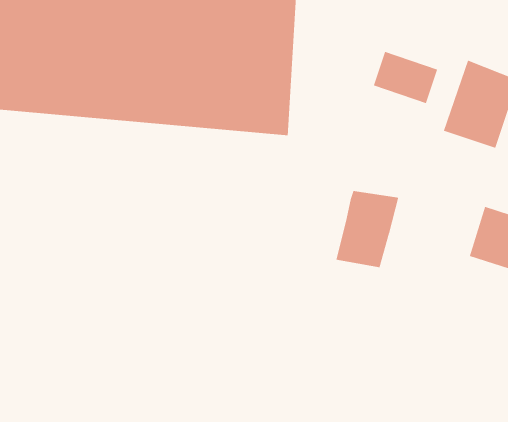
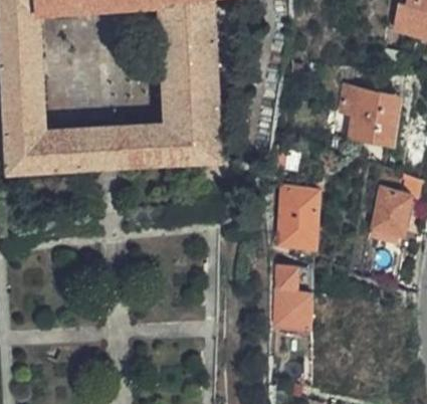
building: [373,51,438,104] -> none
building: none -> [272,262,308,331]

